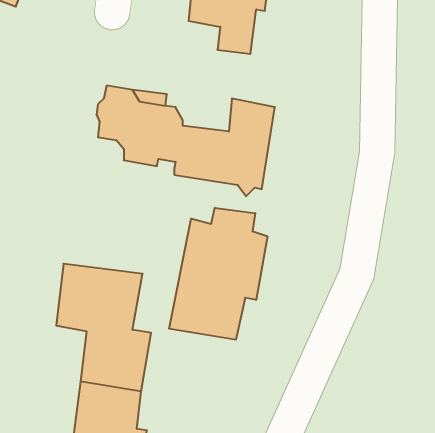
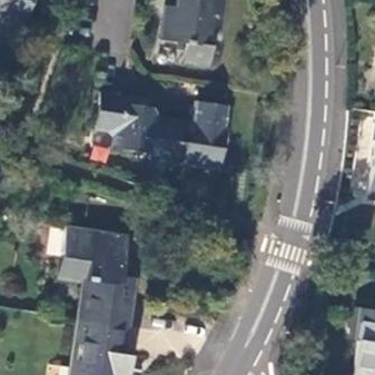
building: [169,208,267,340] -> none

